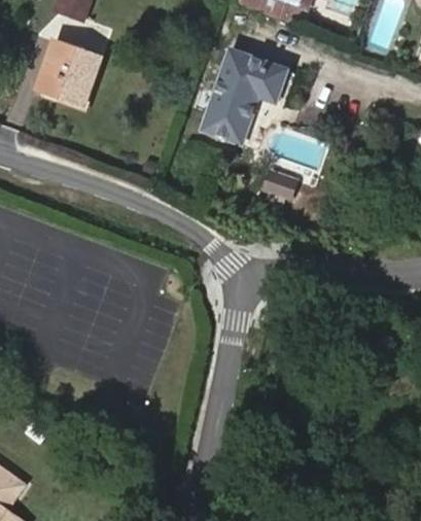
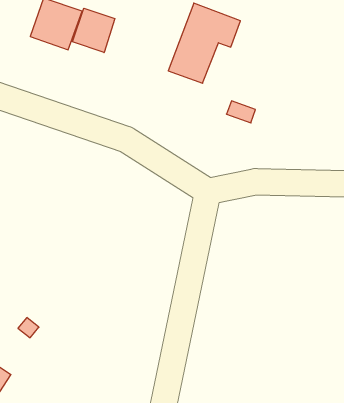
building: none -> [72,8,115,53]

